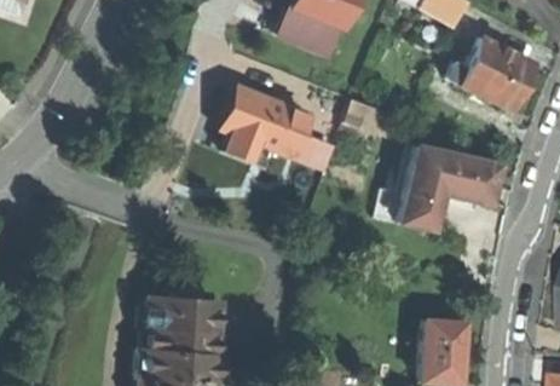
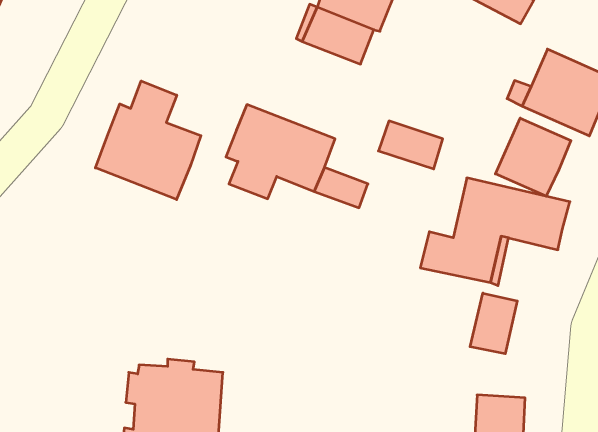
building: none -> [95,81,201,200]
building: none -> [495,118,571,196]
building: none -> [470,293,517,354]

